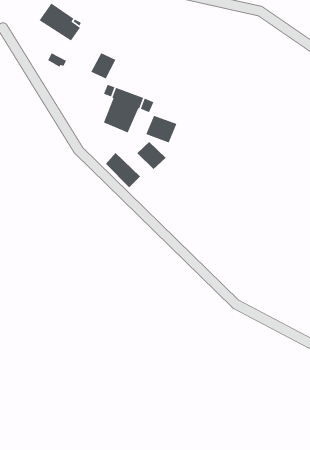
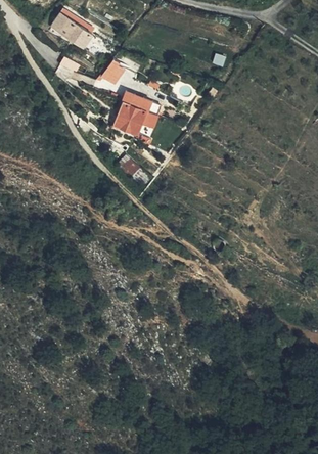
building: [145,115,178,143] -> none
building: [136,141,166,170] -> none

